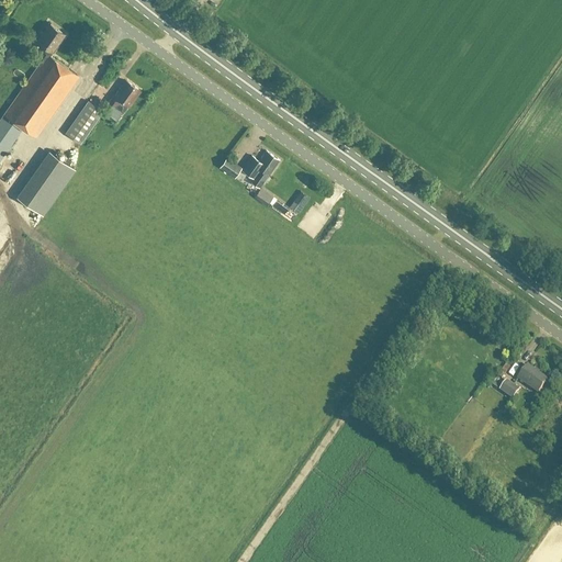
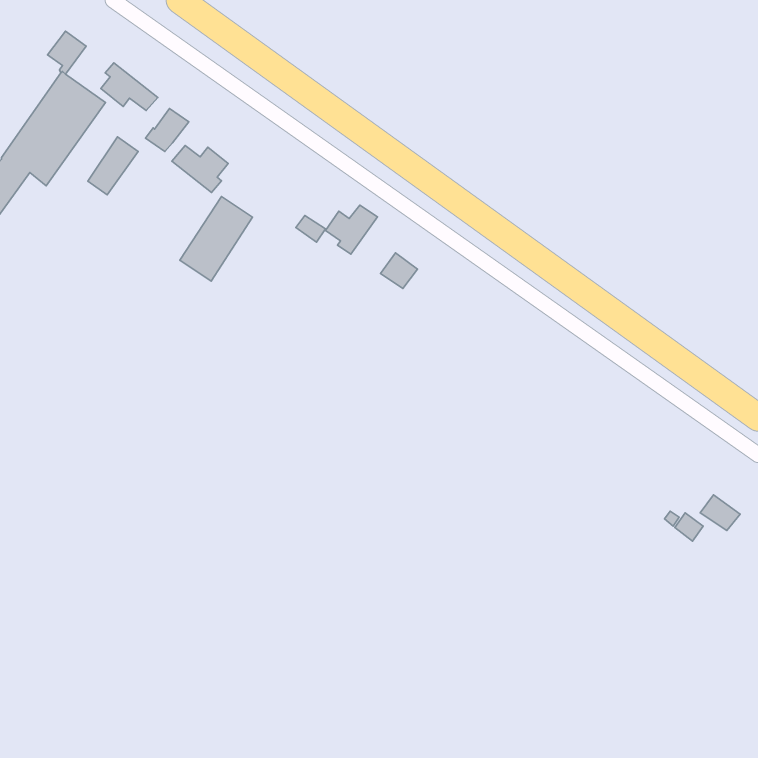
building: none -> [101,63,158,111]
building: none -> [172,146,228,193]
building: [21,150,75,213] -> [180,196,253,281]

